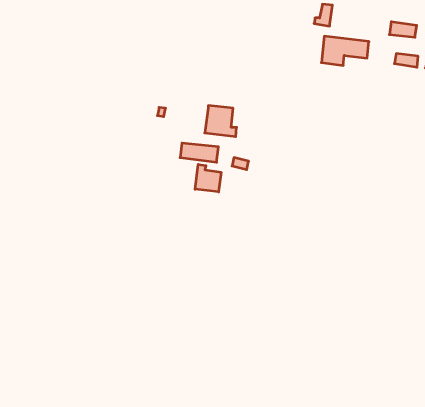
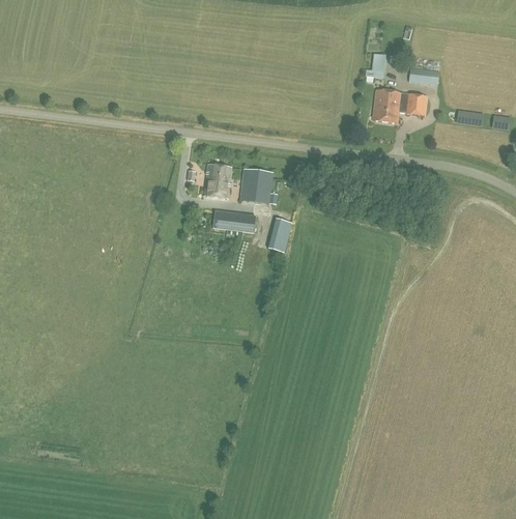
building: [389,22,417,37] -> [408,66,439,84]
building: none -> [204,164,232,197]
building: [195,164,221,192] -> none

